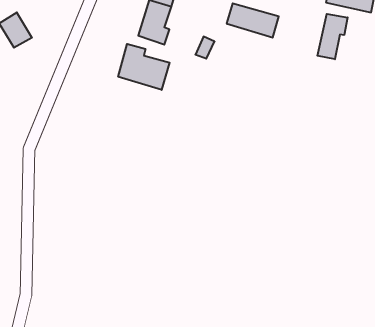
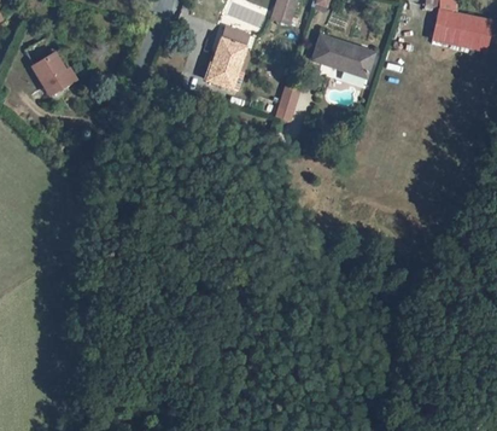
building: [317,14,348,59] -> none
building: [118,44,170,90] -> none

